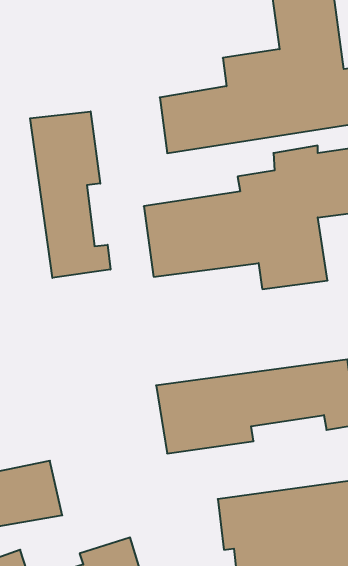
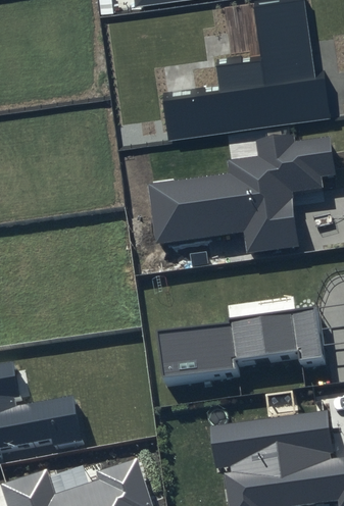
building: [30,111,110,278] -> none

